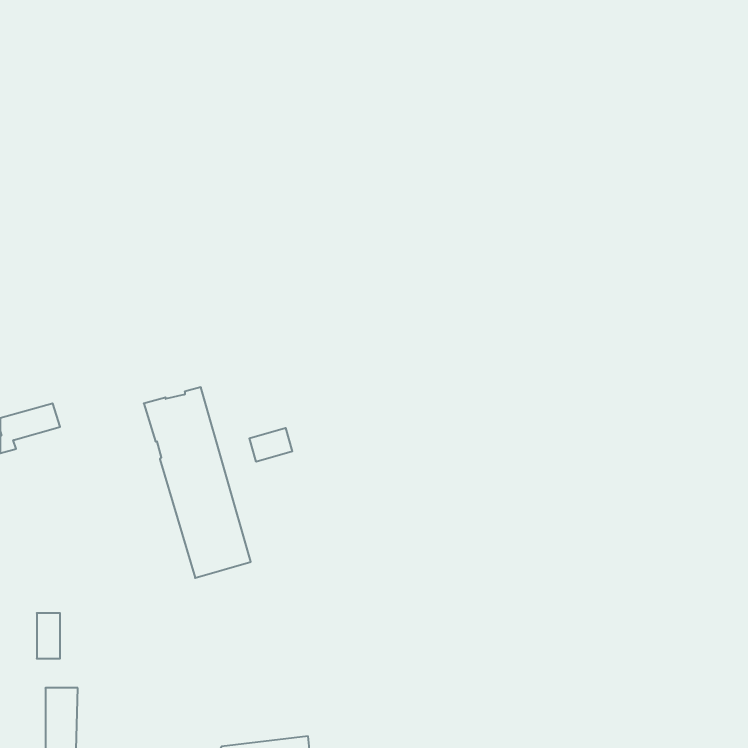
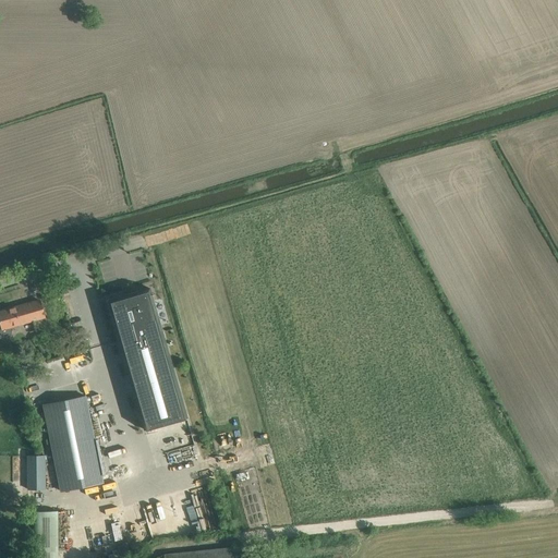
building: [249,428,292,462] -> none
building: none -> [44,397,105,493]

